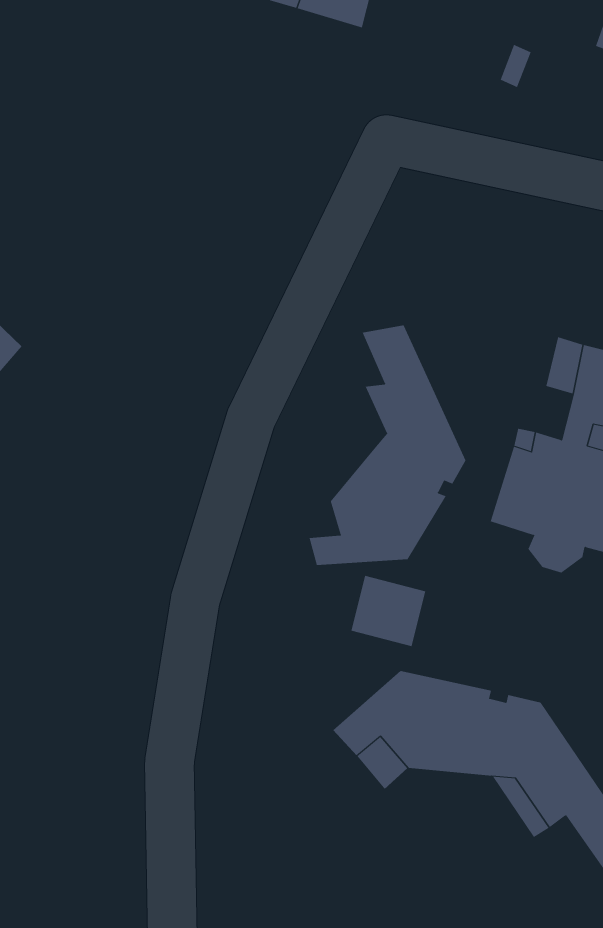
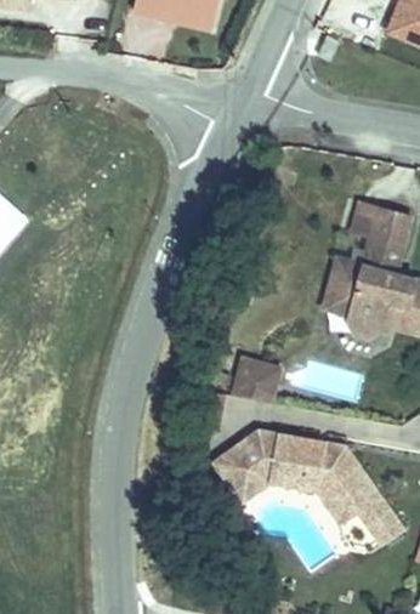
building: [309,325,466,566] -> none

